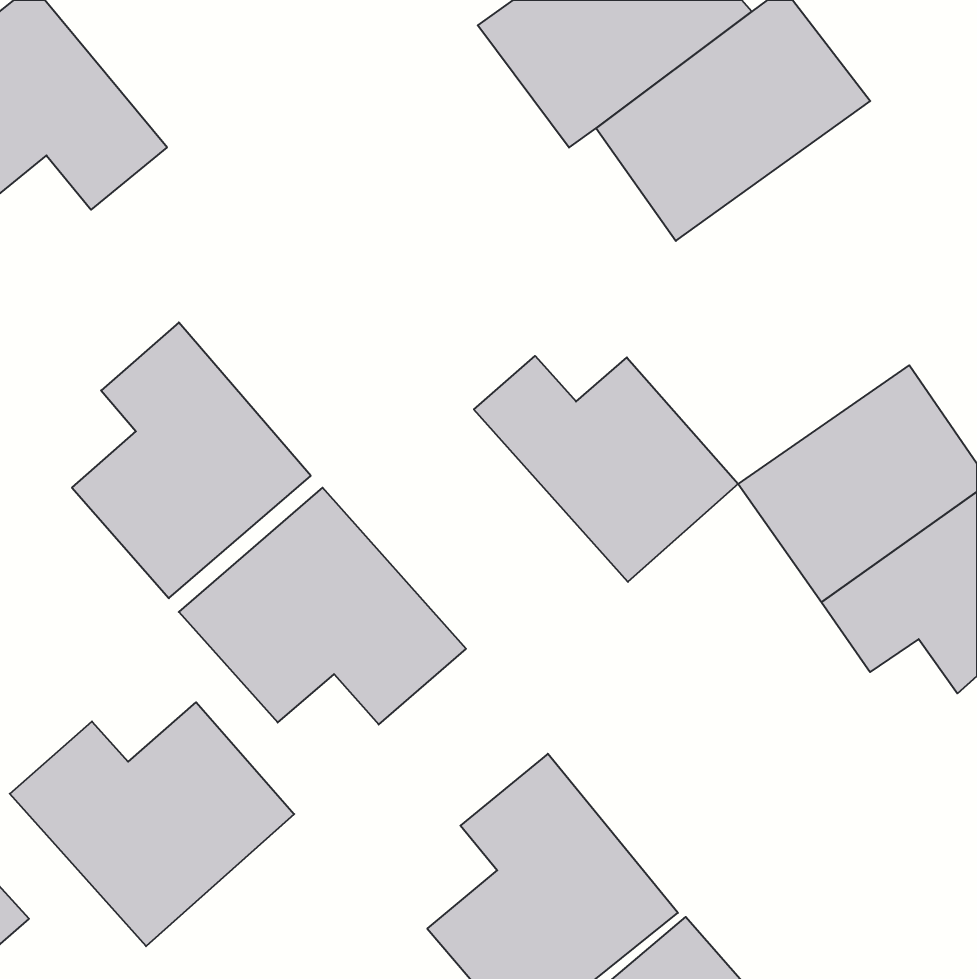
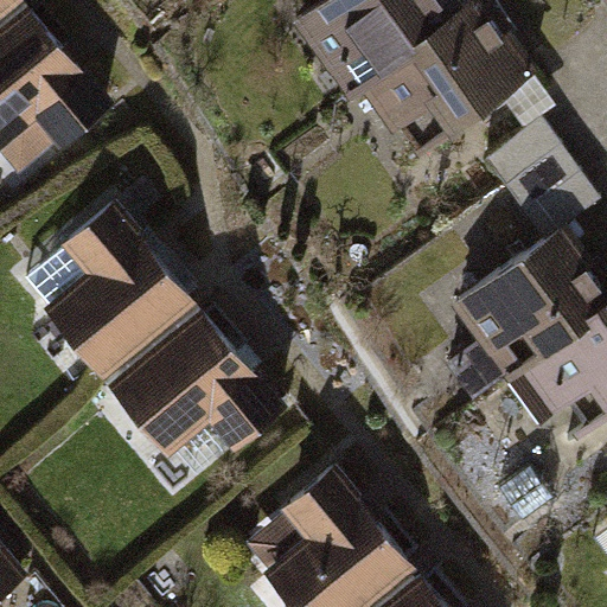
building: none -> [484,123,592,241]
building: [474,356,738,582] -> none
building: [10,702,294,946] -> none

